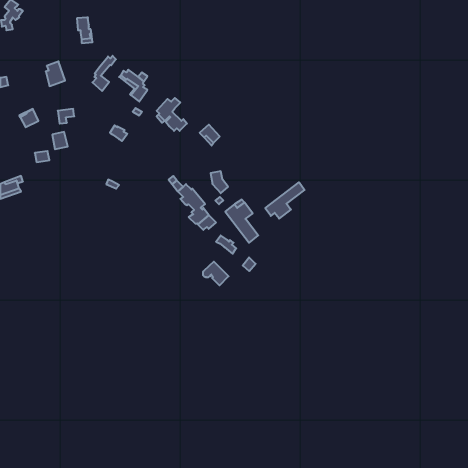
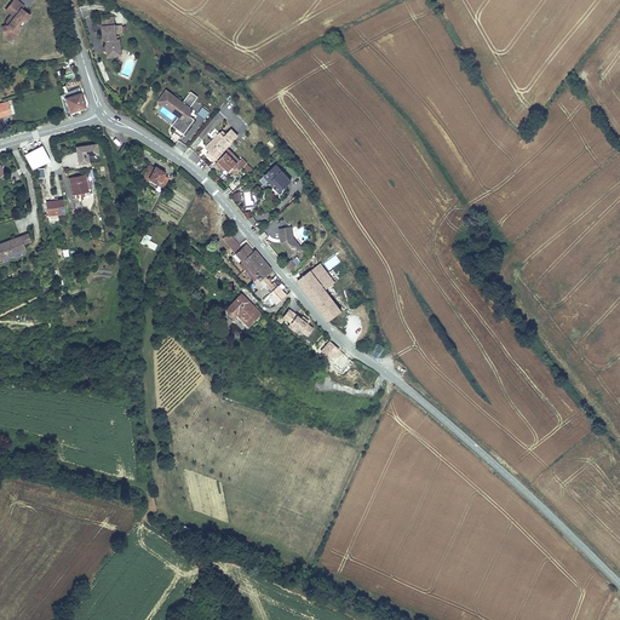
building: [92,56,116,91] -> none
building: [265,182,305,219] -> none
building: [203,262,229,285] -> [226,294,260,326]

